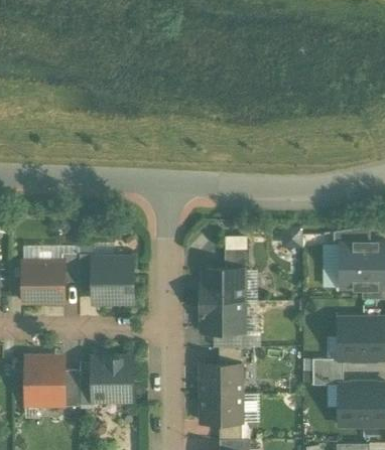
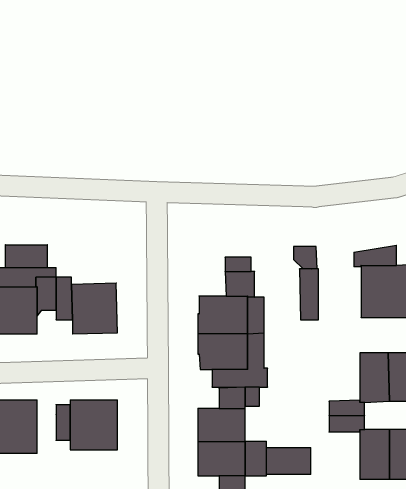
building: none -> [5,245,47,268]
building: [323,246,339,289] -> [299,269,318,320]
building: [61,371,80,408] -> none
building: none -> [266,448,311,474]

